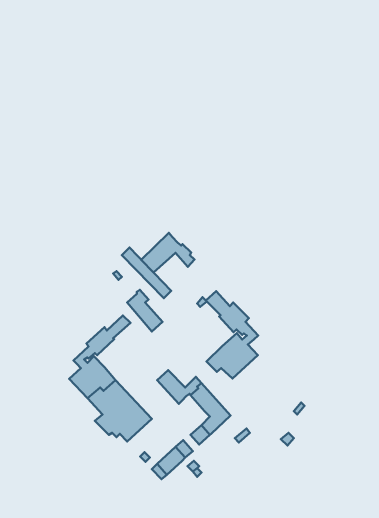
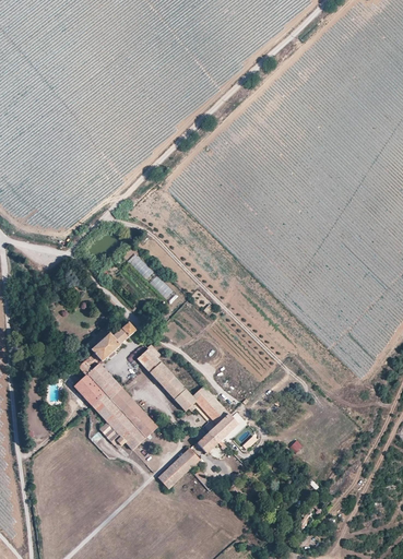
building: [141,233,195,272] -> none
building: [127,290,162,332] -> [138,344,174,386]
building: [206,291,258,378] -> none

